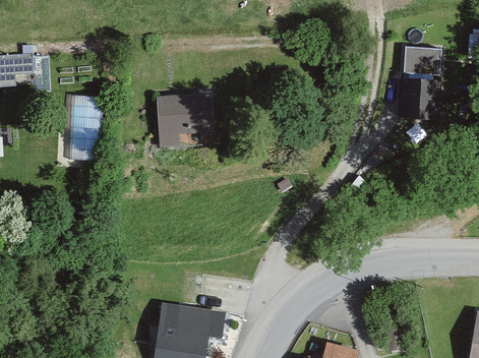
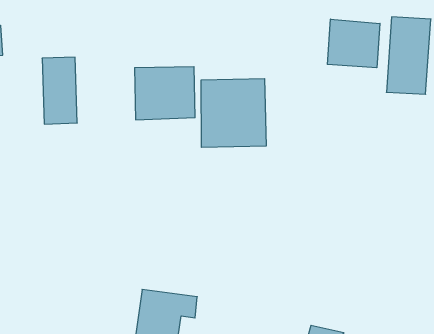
building: none -> [327,19,380,68]
building: none -> [201,79,266,147]

